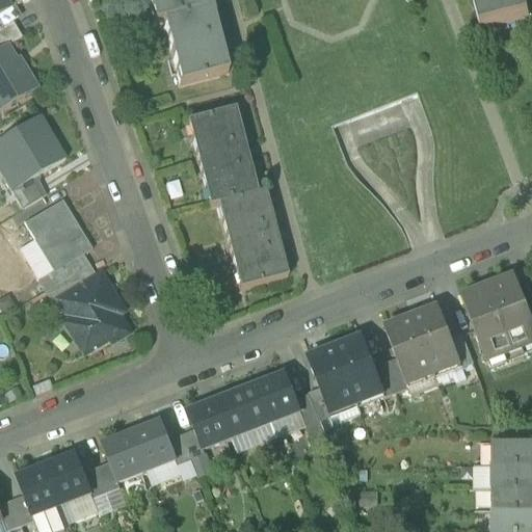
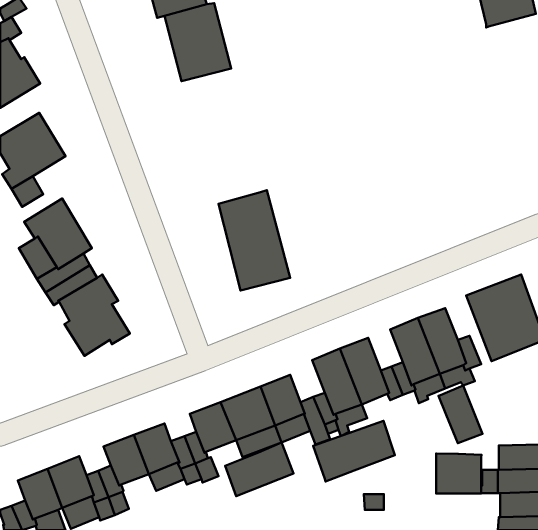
building: [188,103,258,202] -> none
building: none -> [438,385,483,443]
building: none -> [313,421,395,482]
building: none -> [225,442,294,496]
building: none -> [436,454,481,494]

